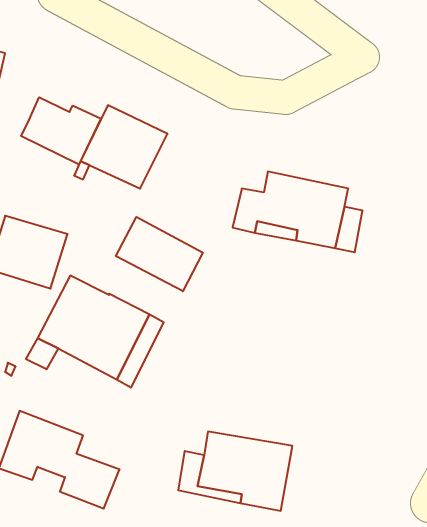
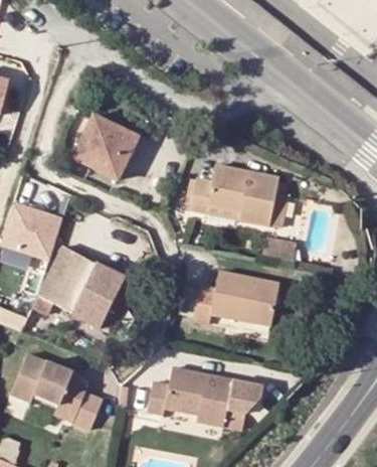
building: [21,97,101,165] -> none
building: [116,217,203,291] -> none
building: none -> [192,272,278,325]
building: none -> [225,378,263,430]

